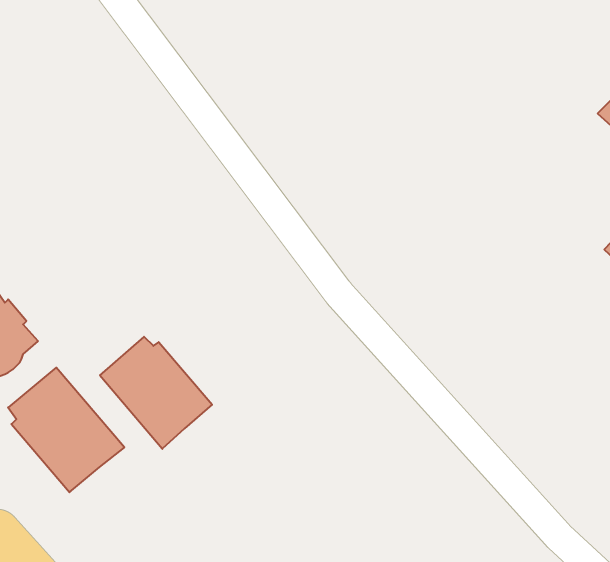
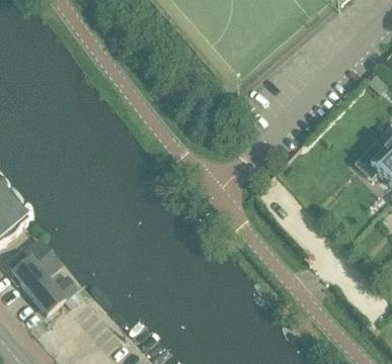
building: [100,337,212,449] -> none

